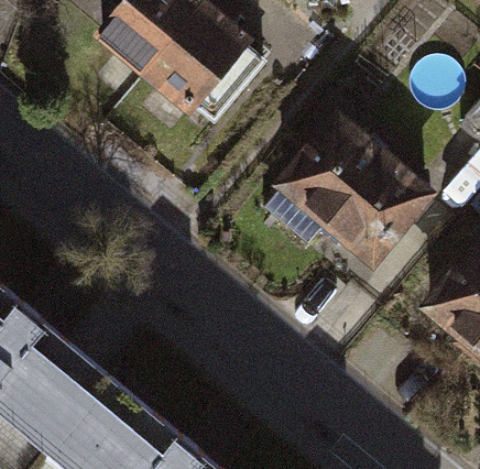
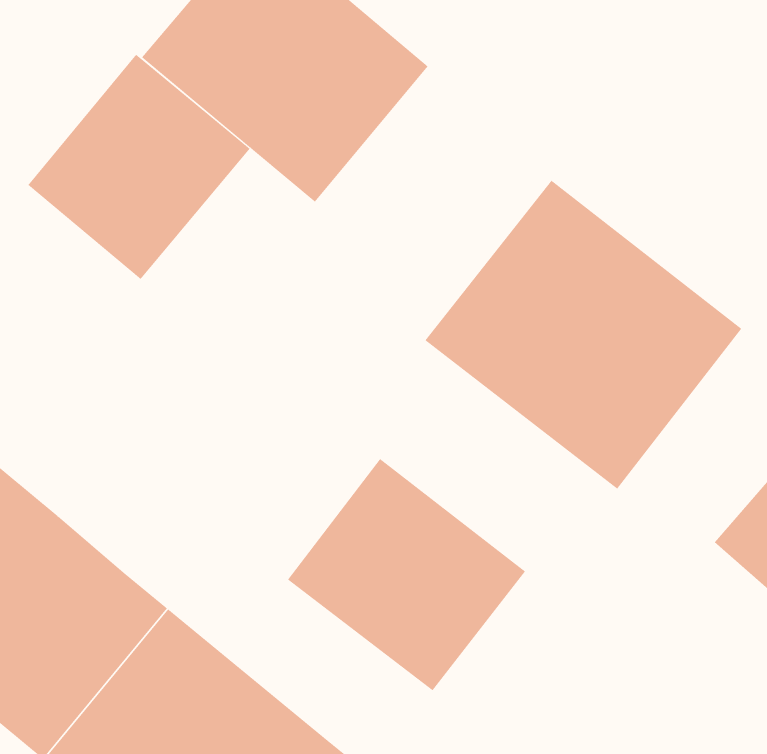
building: none -> [28,54,251,280]
building: none -> [287,458,526,691]

